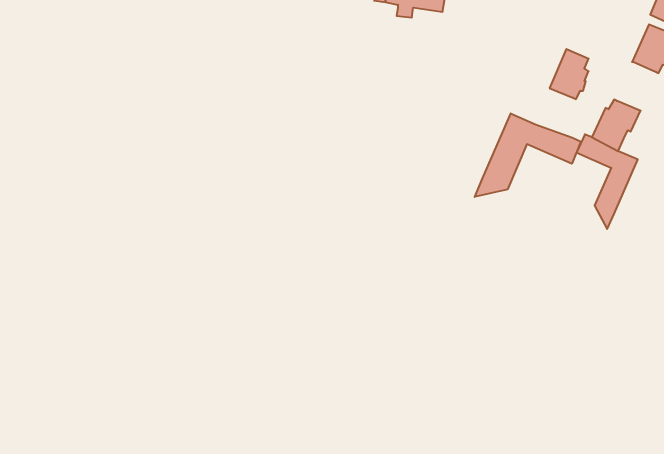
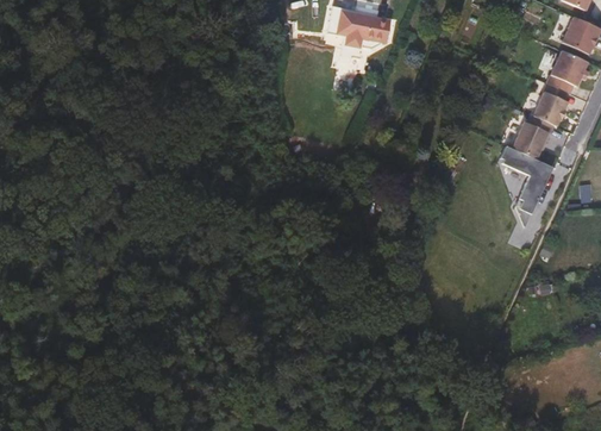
building: [550,49,589,99] -> [534,83,568,126]
building: [475,113,581,197] -> none

